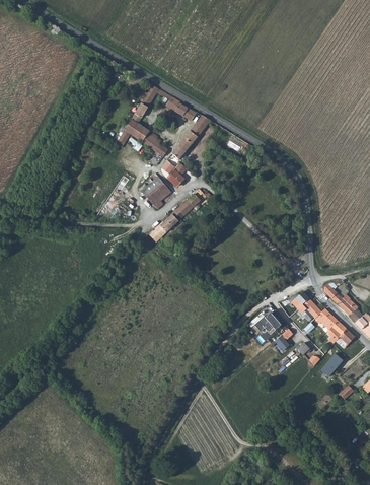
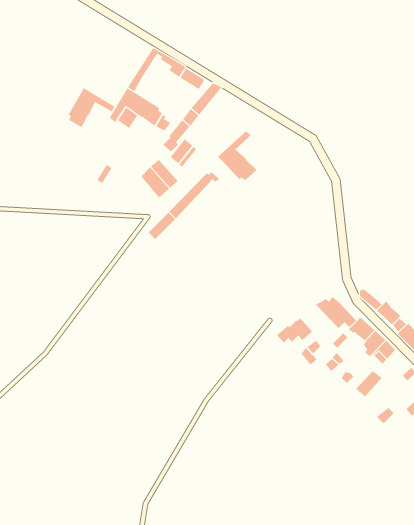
building: none -> [68,87,115,128]
building: none -> [217,130,257,181]

